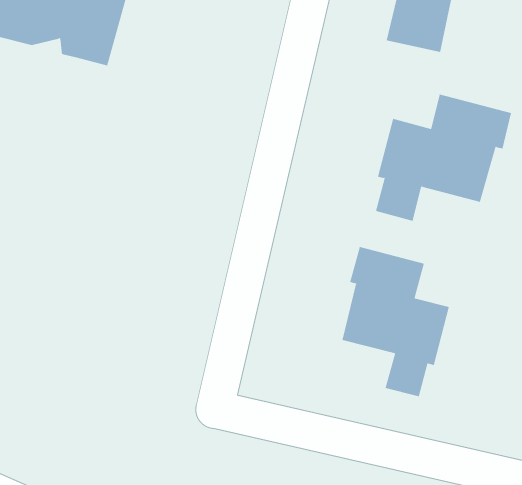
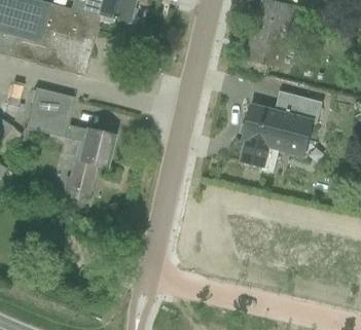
building: none -> [25,87,112,200]
building: [342,246,449,397] -> none

